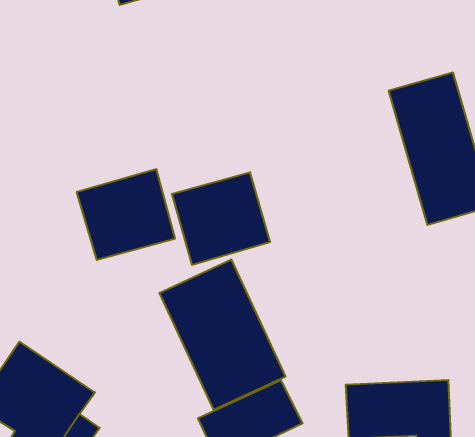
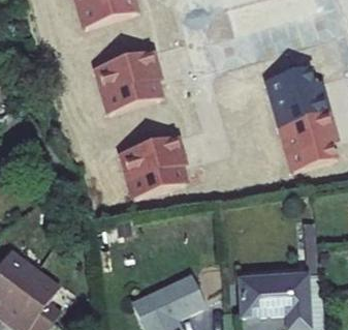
building: [77,169,175,260] -> [92,50,158,111]
building: [160,259,285,410] -> none

